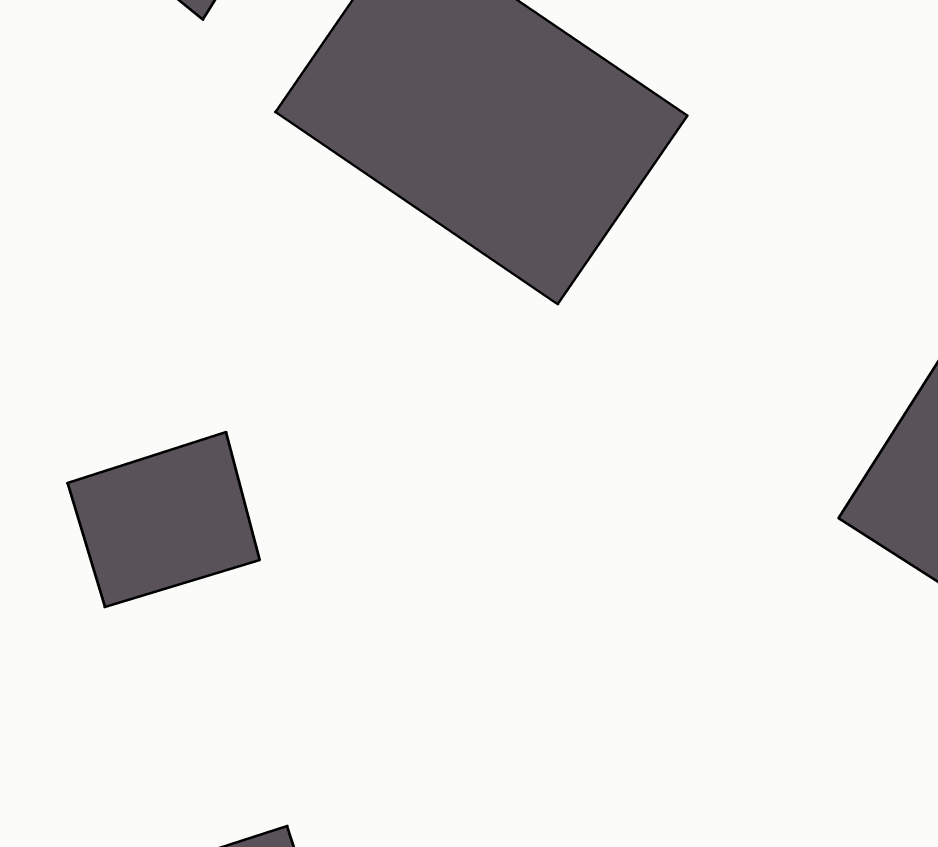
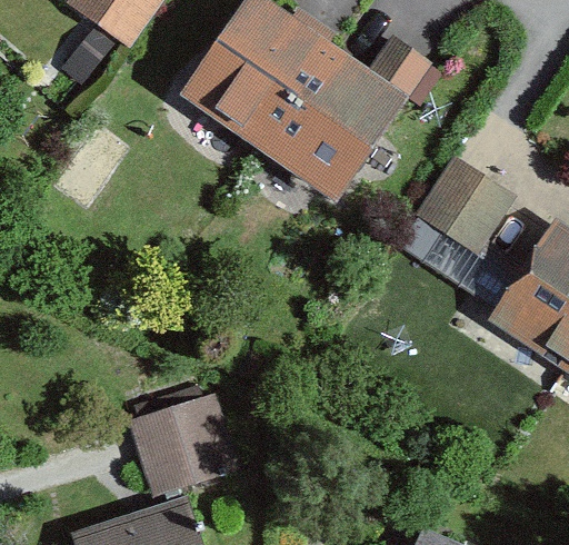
building: none -> [419,153,512,248]
building: [67,432,260,607] -> [131,388,240,487]

